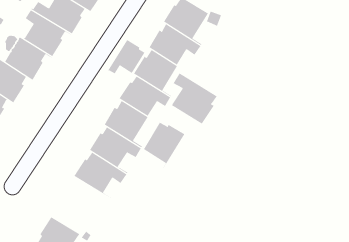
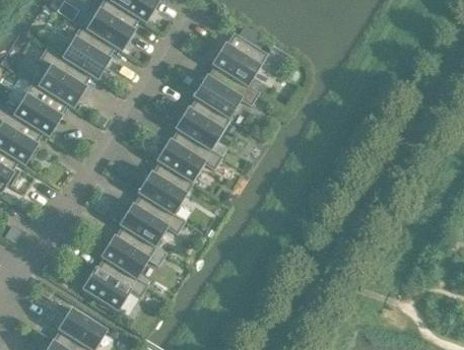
building: [107,39,148,74] -> none
building: [170,72,221,124] -> none
building: [143,119,185,173] -> none
building: none -> [80,256,147,311]

